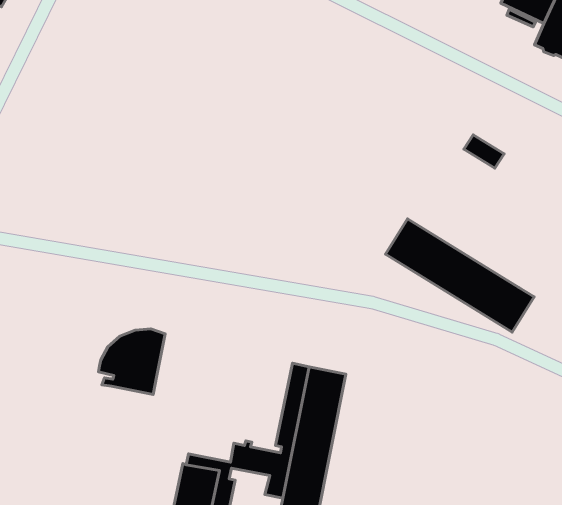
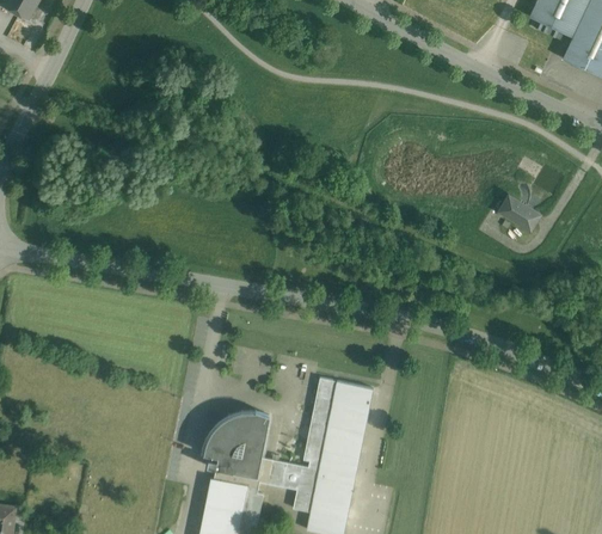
building: [464,135,504,168] -> [499,196,540,229]
building: [386,219,534,332] -> none
building: [98,329,165,395] -> [203,411,270,477]

